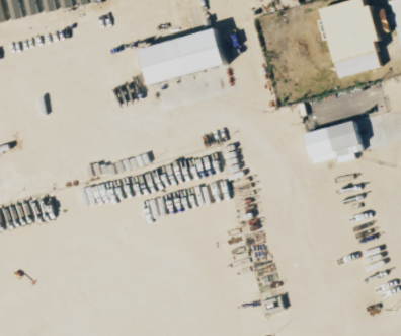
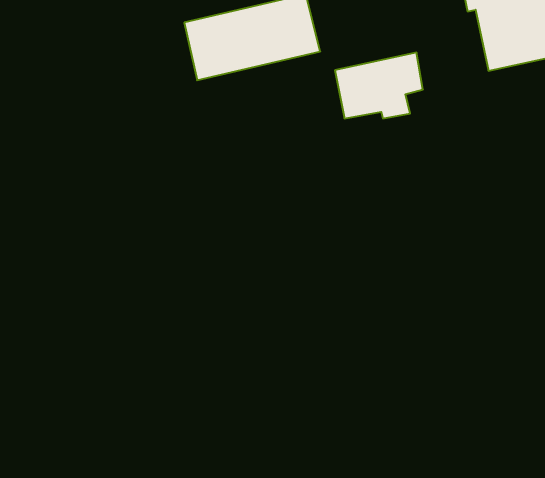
building: [306,120,362,161] -> [335,53,423,118]

